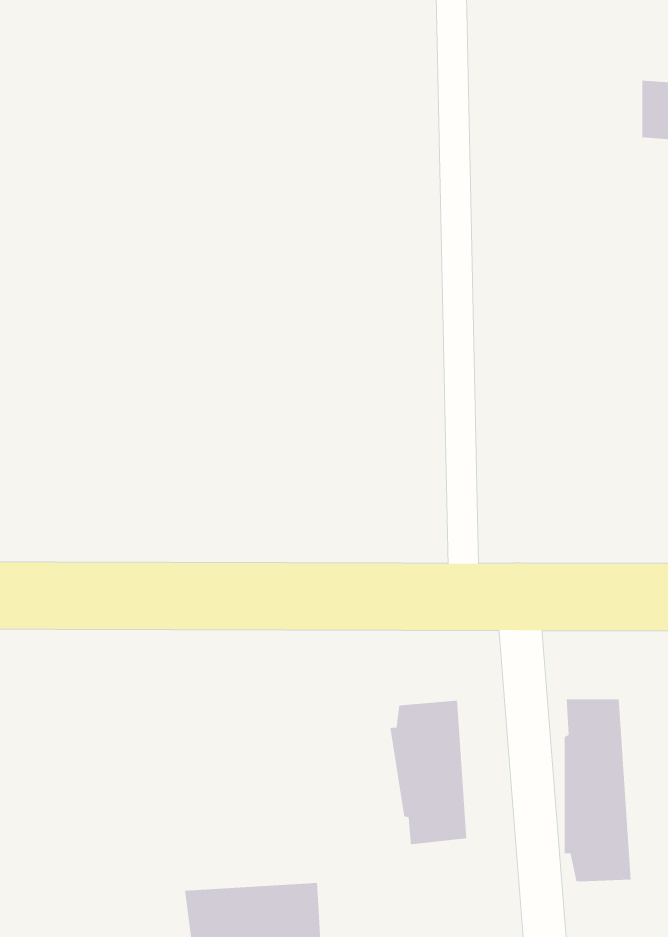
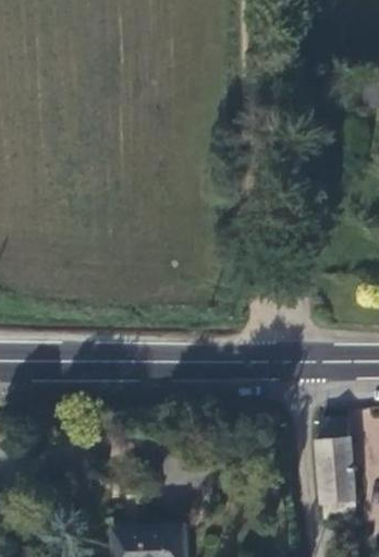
building: [389,700,467,845] -> none

